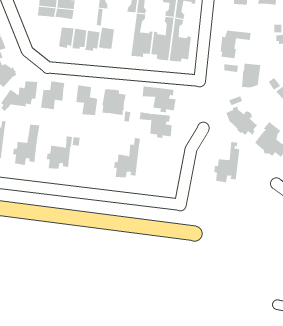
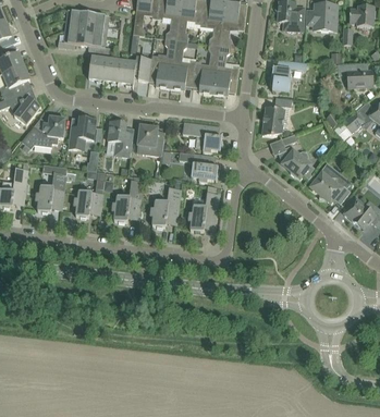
building: none -> [149,38,176,88]
building: [241,63,261,88] -> [262,107,285,135]
building: none -> [112,175,144,222]
building: [213,142,240,183] -> [188,185,219,232]

